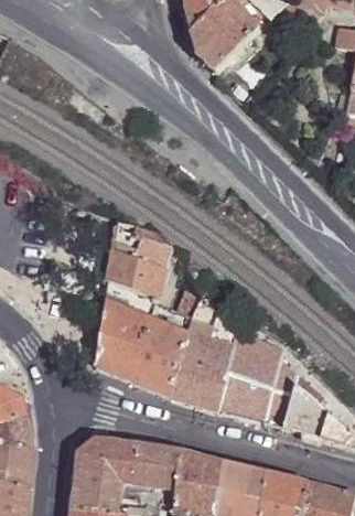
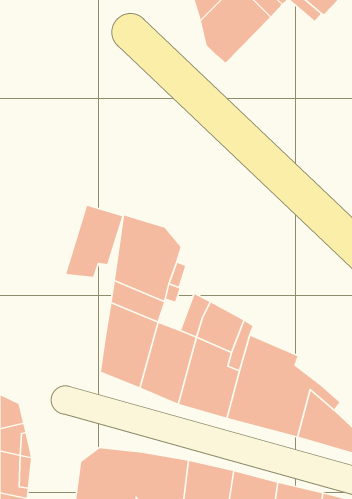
building: none -> [65,205,123,278]

